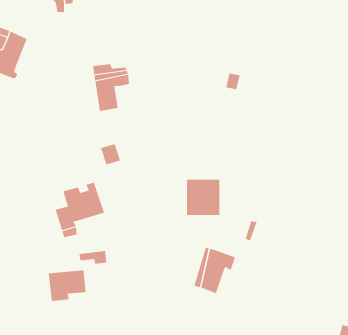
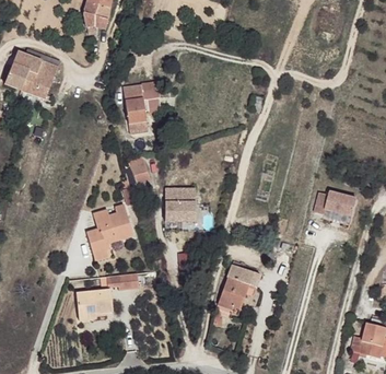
building: none -> [317,191,359,215]
building: [186,179,220,215] -> [163,188,196,223]

